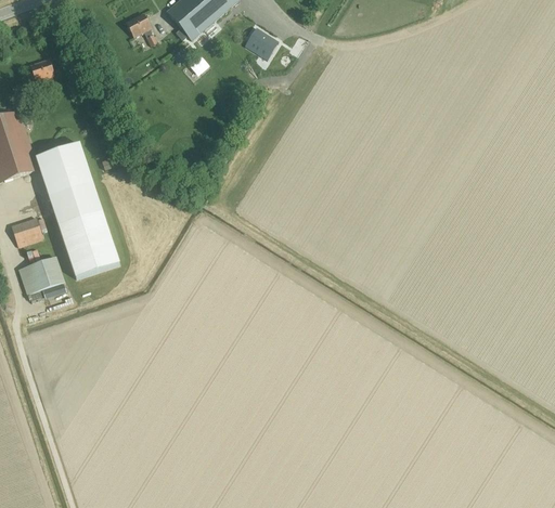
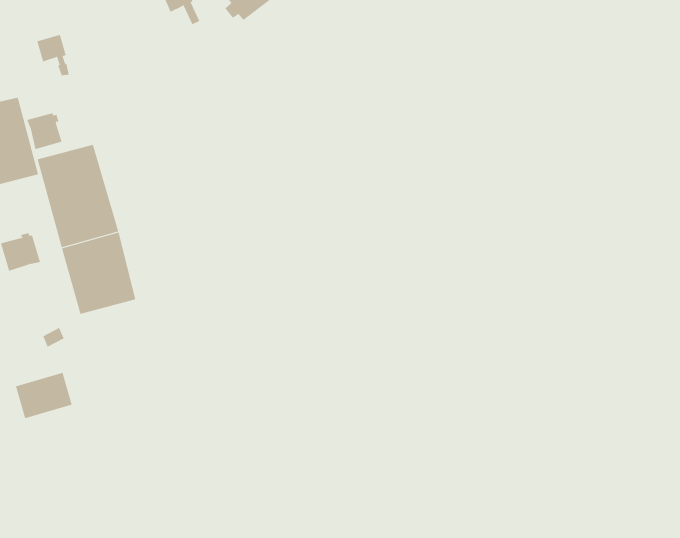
building: [244,26,279,60] -> none
building: none -> [27,113,62,150]
building: [18,256,64,294] -> [15,372,72,419]

